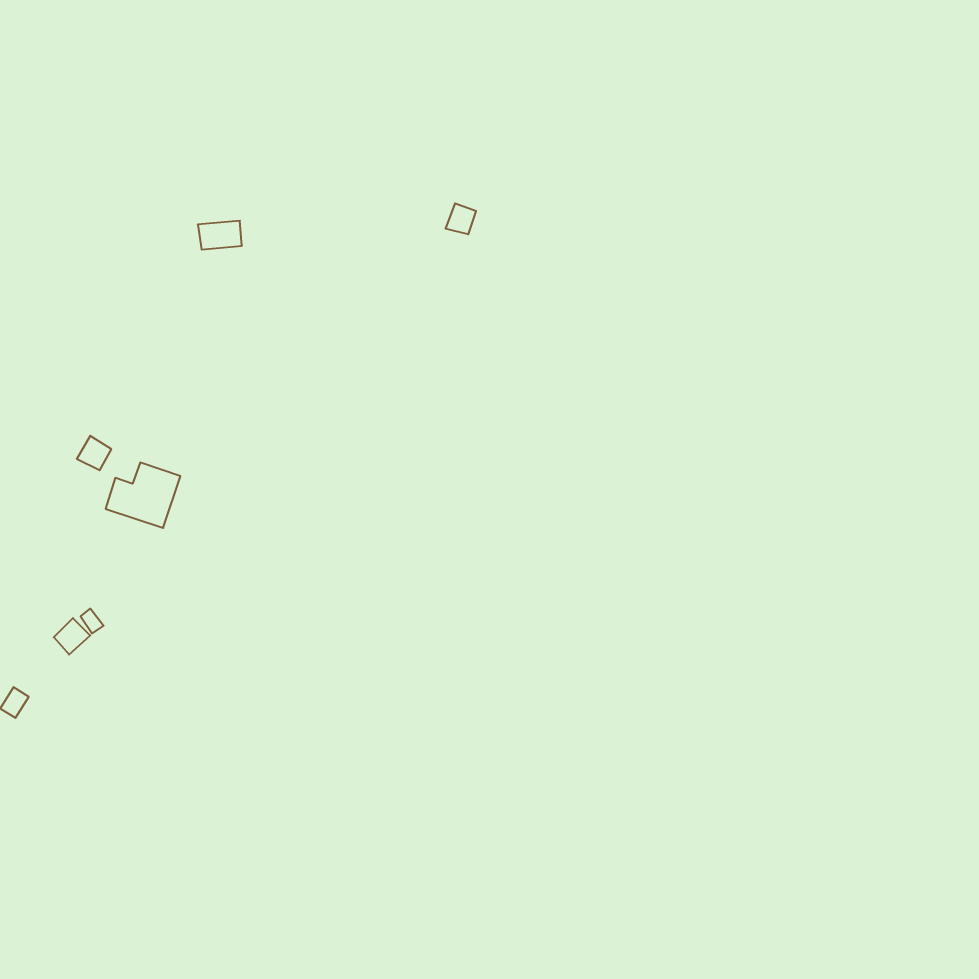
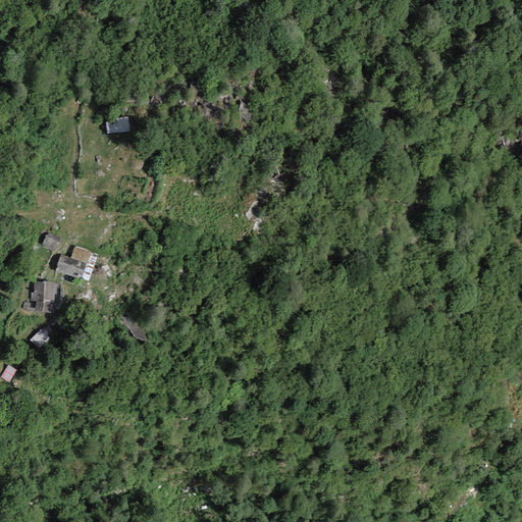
building: none -> [33,281,53,312]

